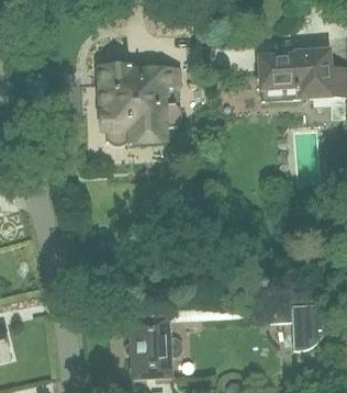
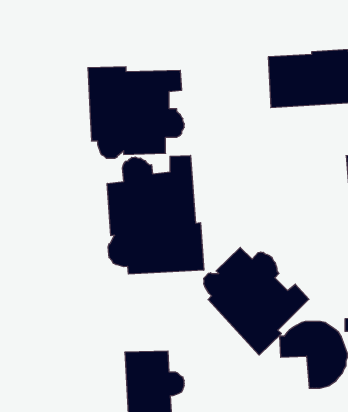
building: none -> [107,155,204,274]
building: none -> [204,247,309,355]

